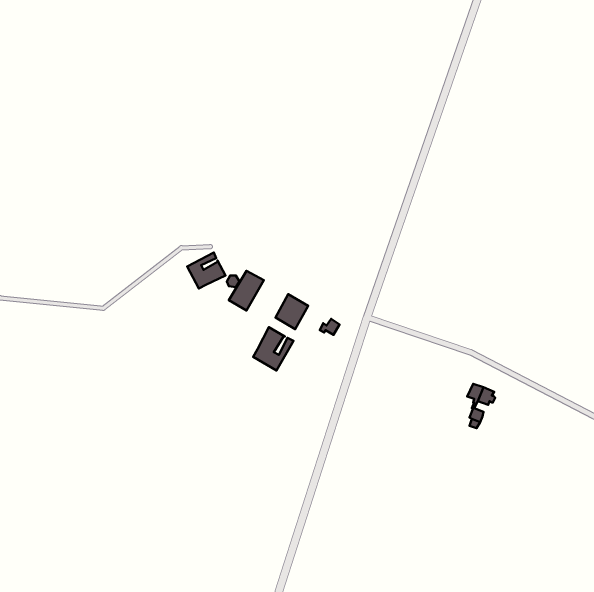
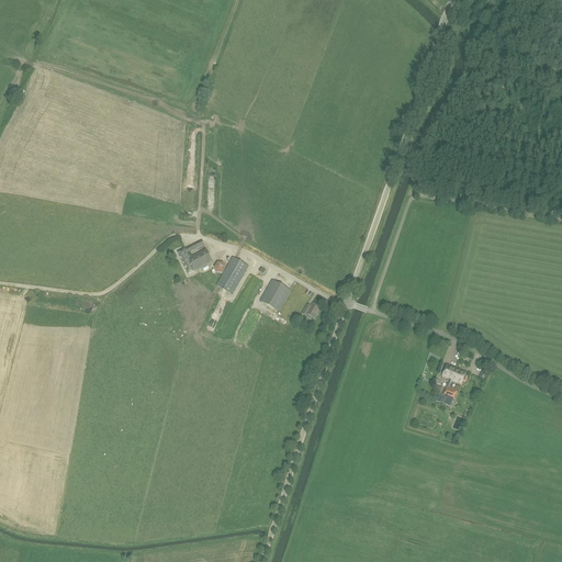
building: [253,327,294,371] -> none

